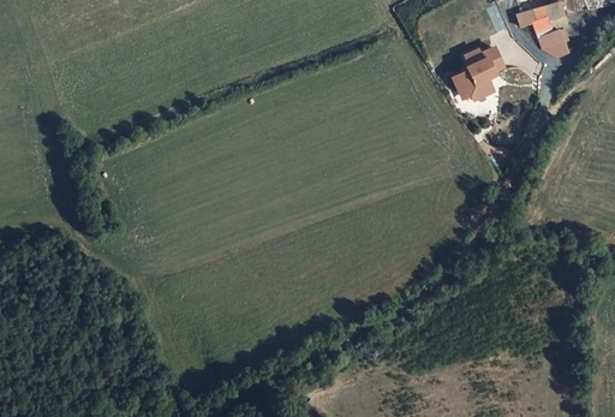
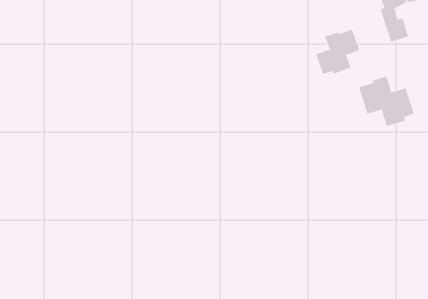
building: none -> [359,75,415,127]

